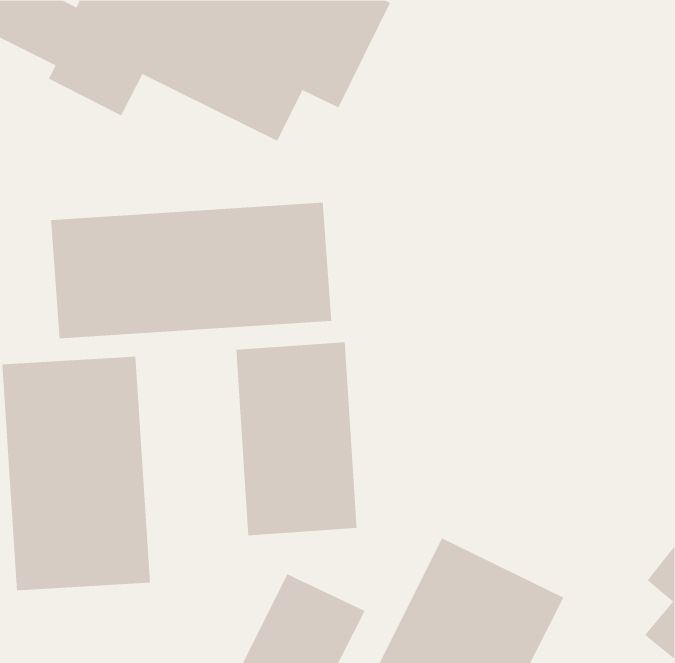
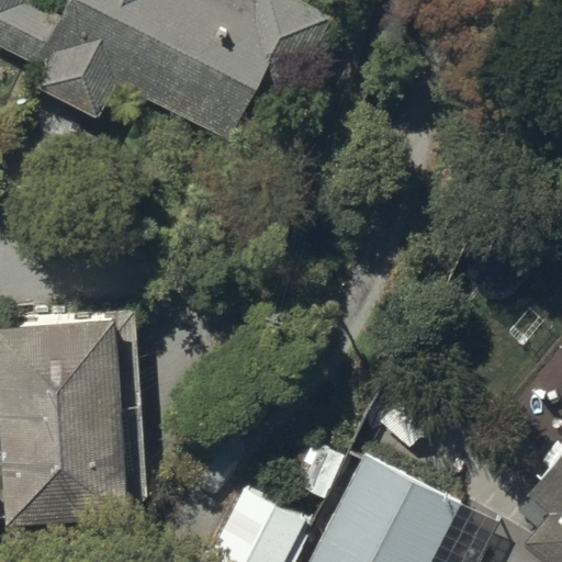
building: [50,202,332,339] -> none
building: [236,341,357,536] -> none

